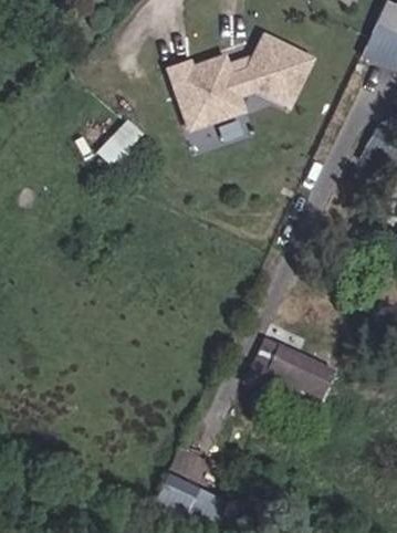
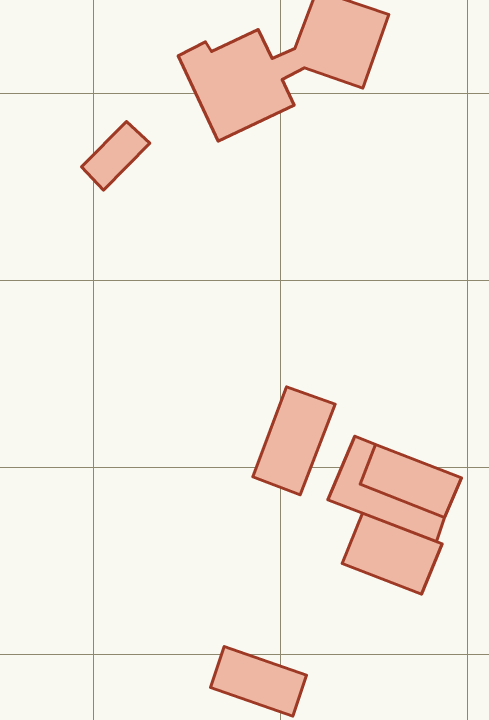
building: none -> [253,387,335,495]
building: none -> [342,513,442,594]

